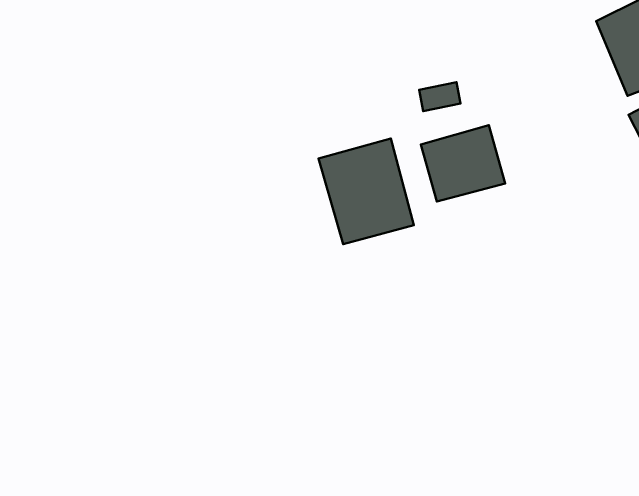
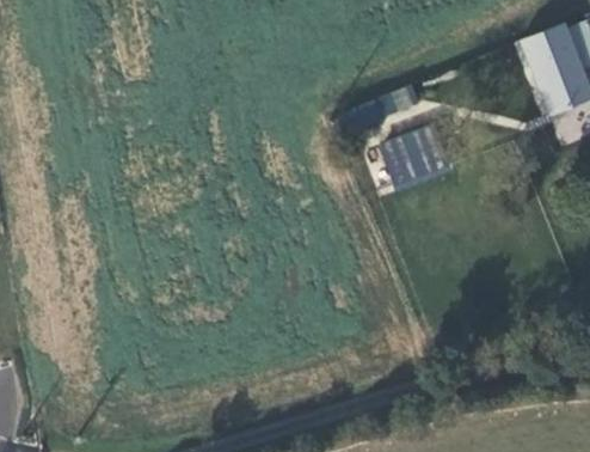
building: [318,138,414,244] -> none

